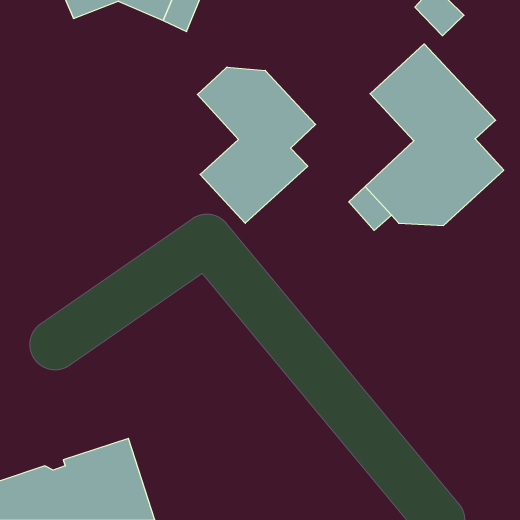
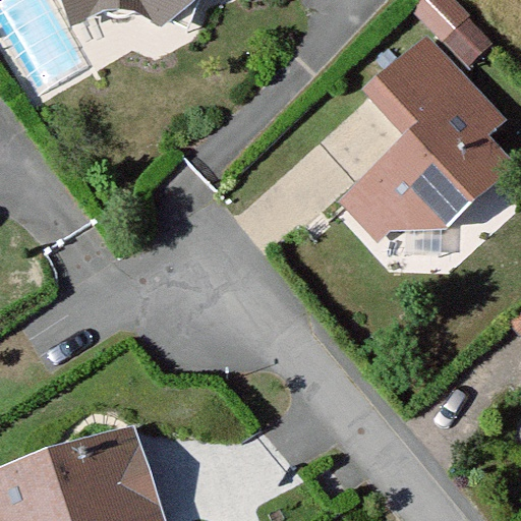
building: [197,67,316,223] -> none

